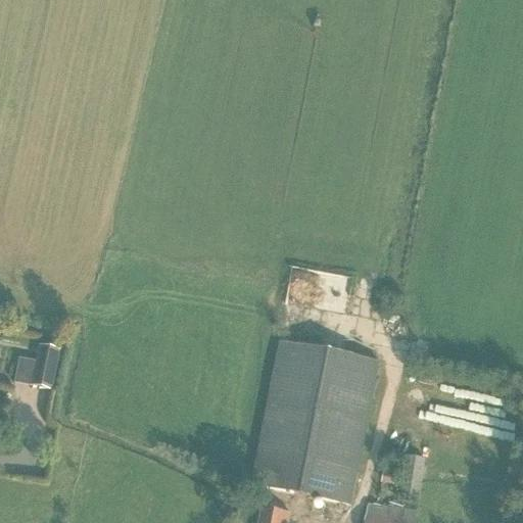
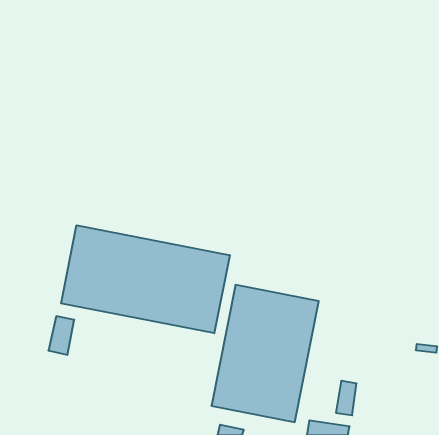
building: none -> [61,225,230,333]
building: [29,342,59,388] -> [48,316,74,355]

